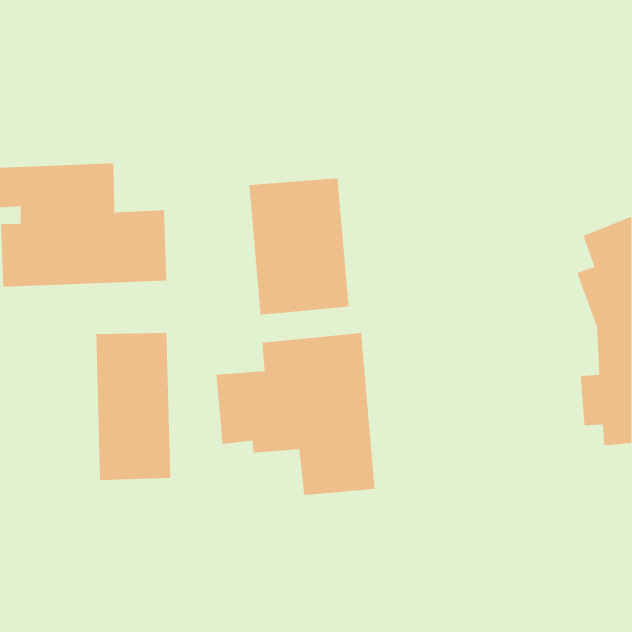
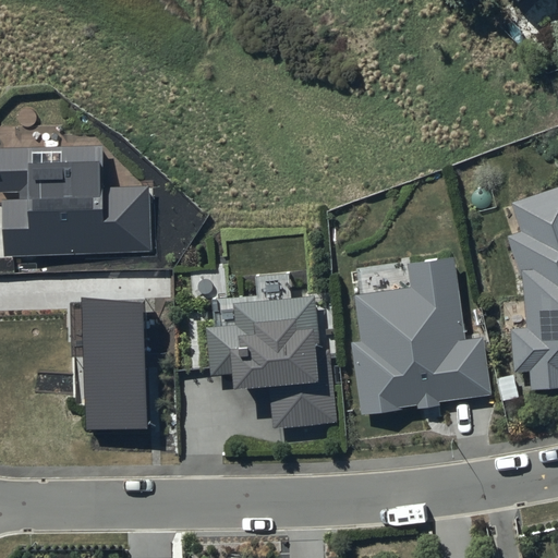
building: [249,177,349,316] -> none
building: none -> [351,259,492,417]

